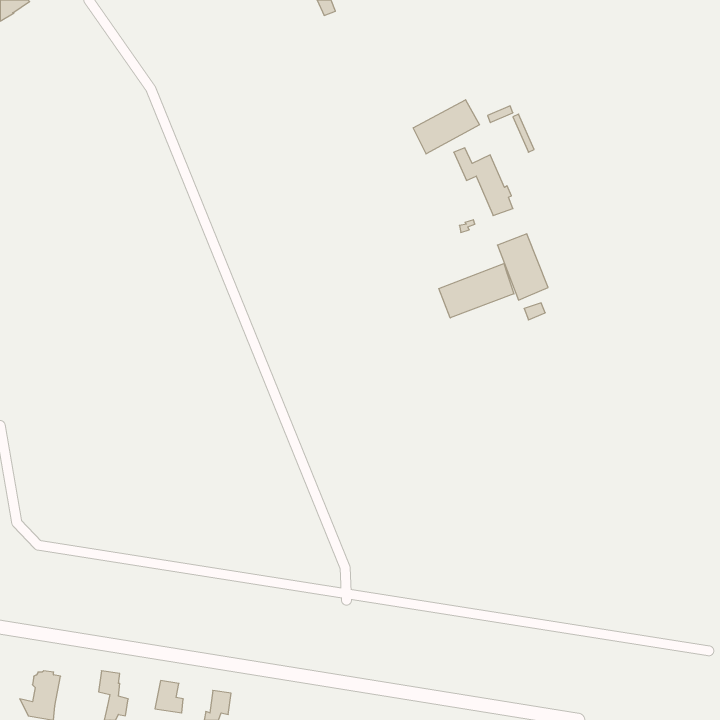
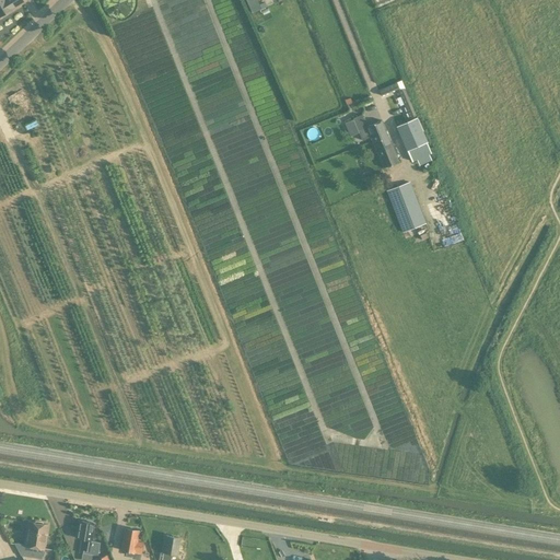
building: [413,100,479,154] -> none
building: none -> [396,118,431,161]
building: [439,264,514,318] -> none

